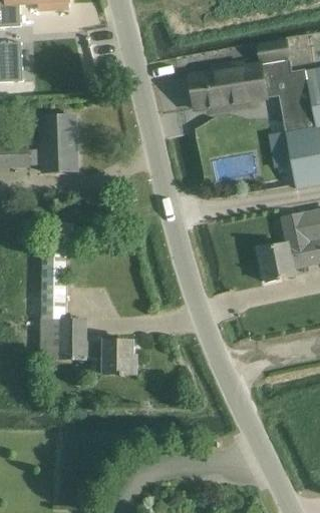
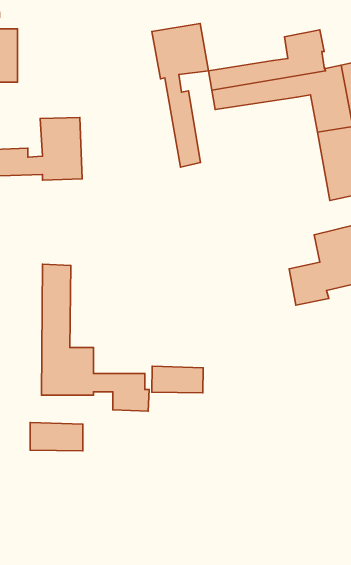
building: none -> [152,23,208,167]
building: none -> [152,366,203,393]
building: none -> [30,423,83,451]

